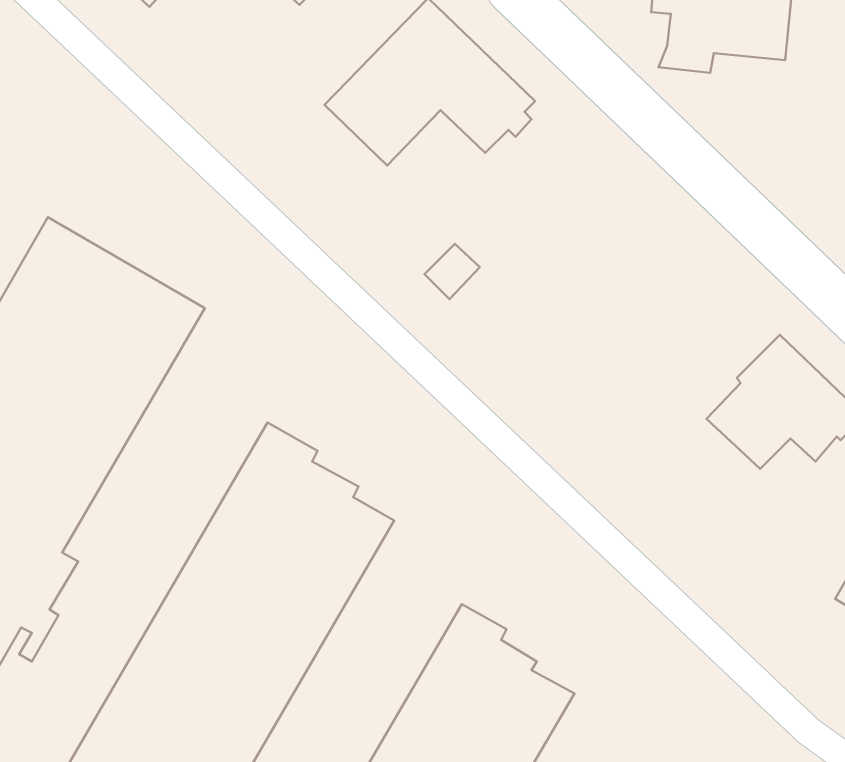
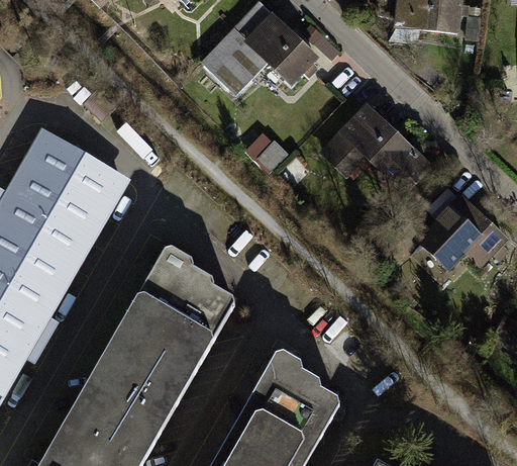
building: none -> [319,106,433,200]

